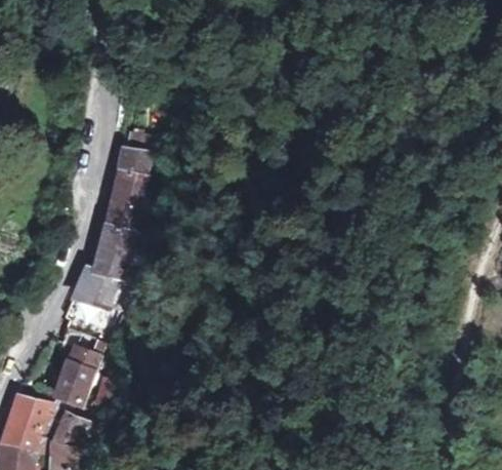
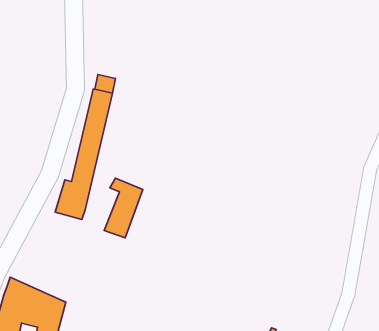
building: [51,331,100,407] -> [104,178,143,238]

